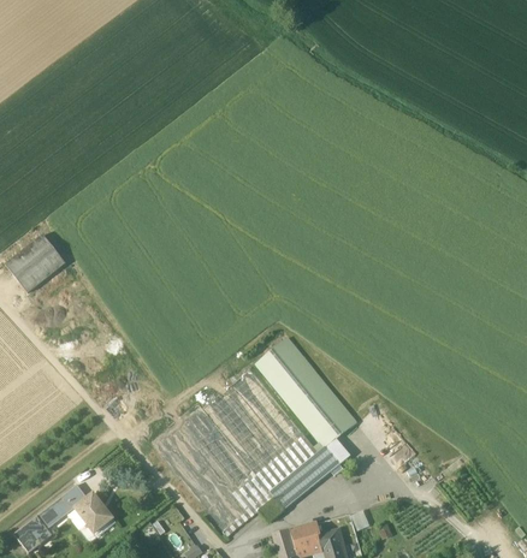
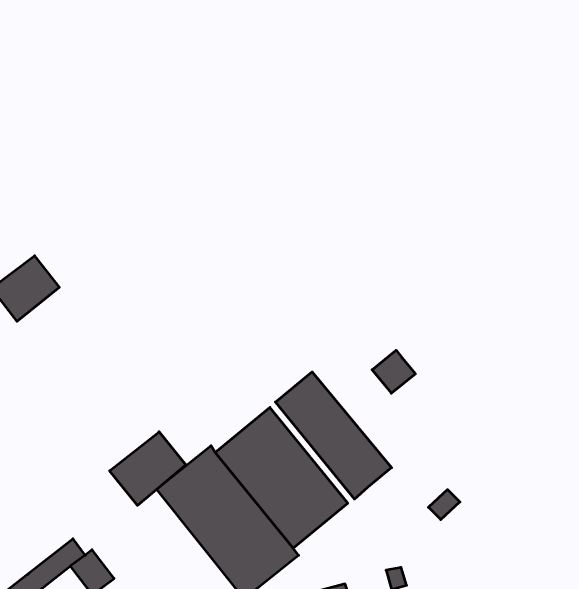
building: none -> [372,350,415,393]
building: none -> [110,432,186,505]
building: [271,438,351,509] -> none

